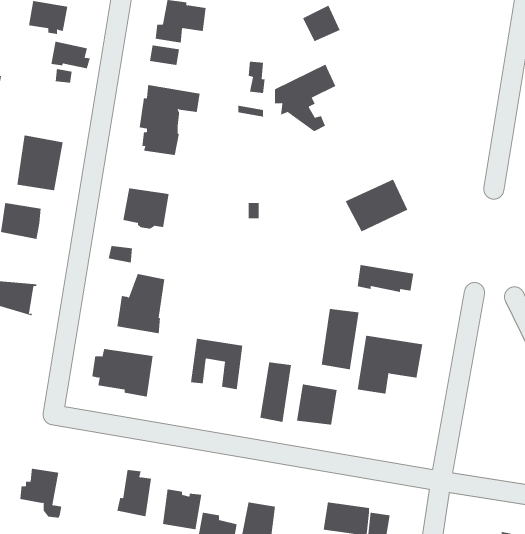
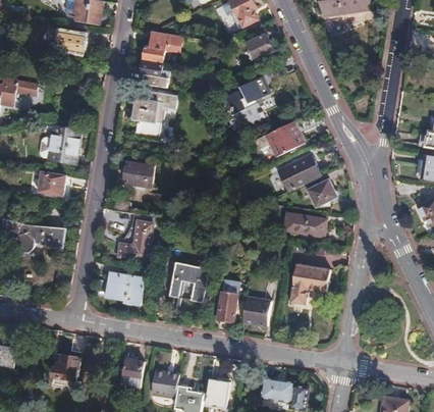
building: [51,41,90,69] -> none
building: none -> [249,122,301,158]
building: none -> [307,179,336,207]
building: [321,308,359,370] -> none

